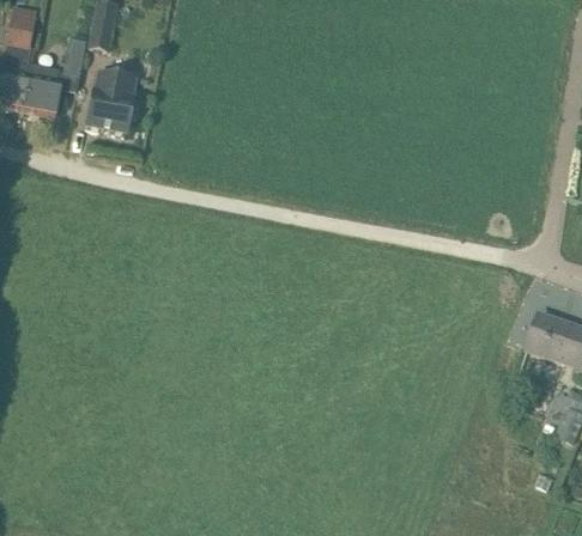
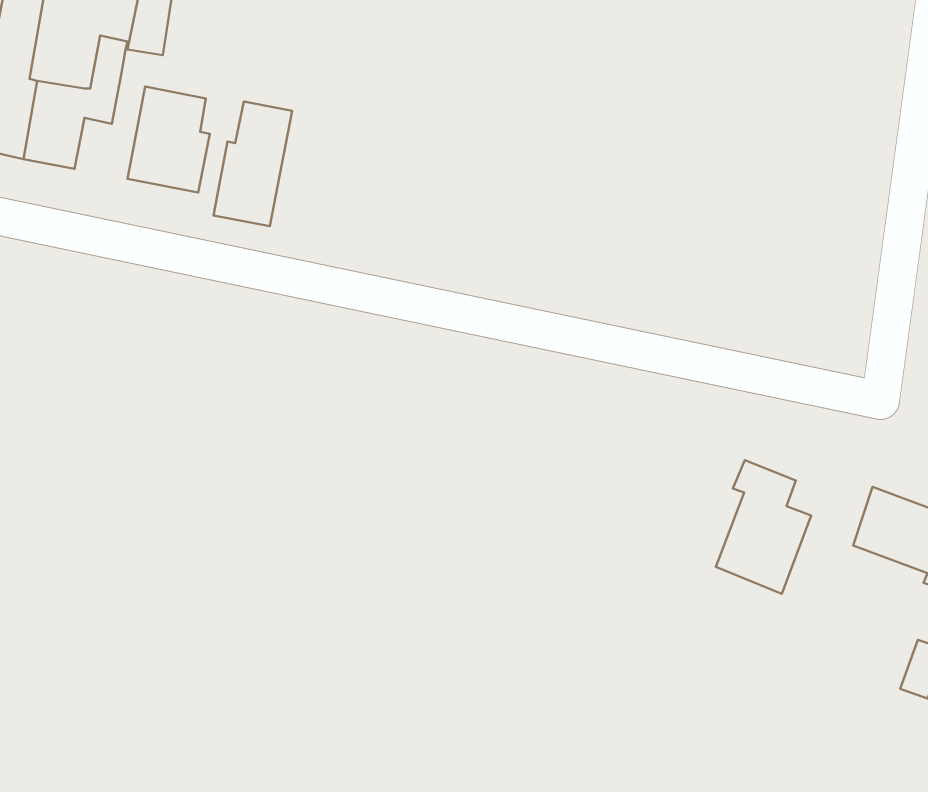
building: none -> [213,101,292,226]
building: none -> [716,460,811,594]

